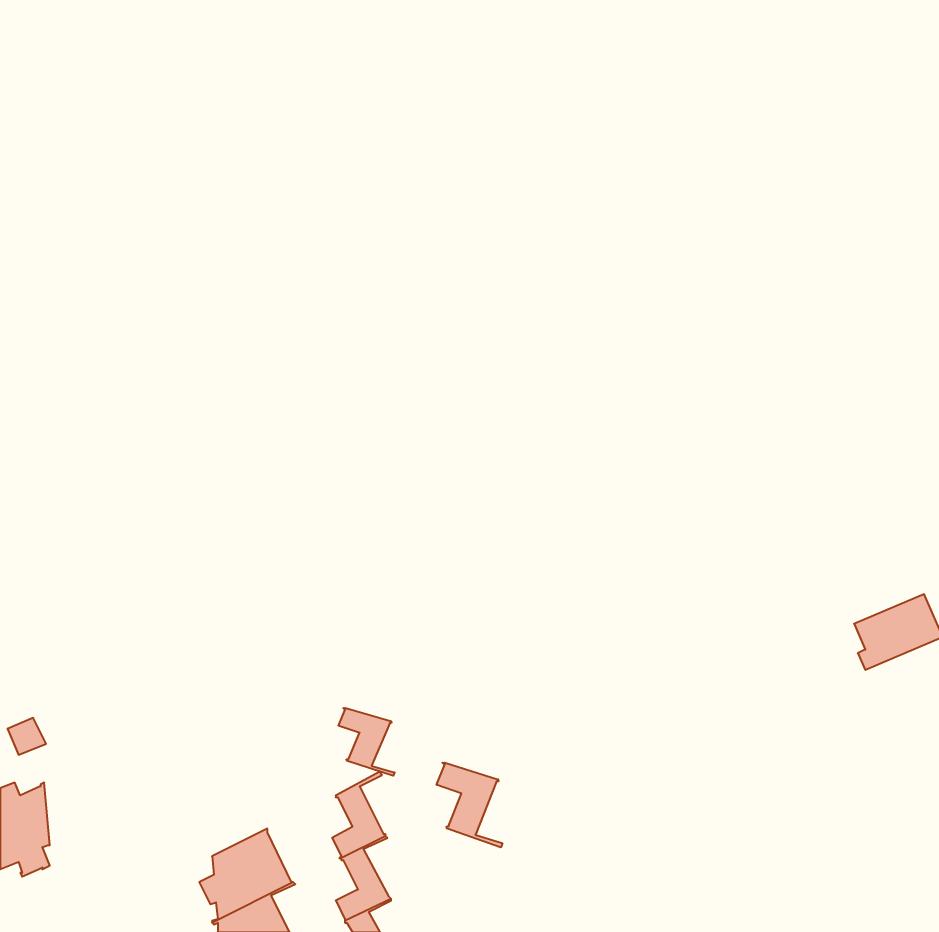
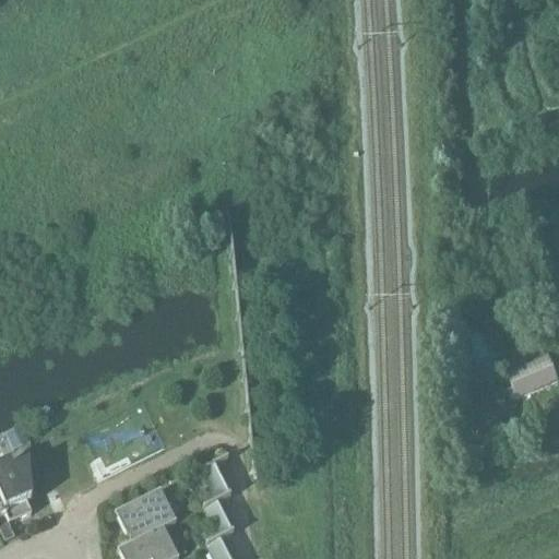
building: [338,708,395,776] -> none
building: [437,763,502,847] -> none

